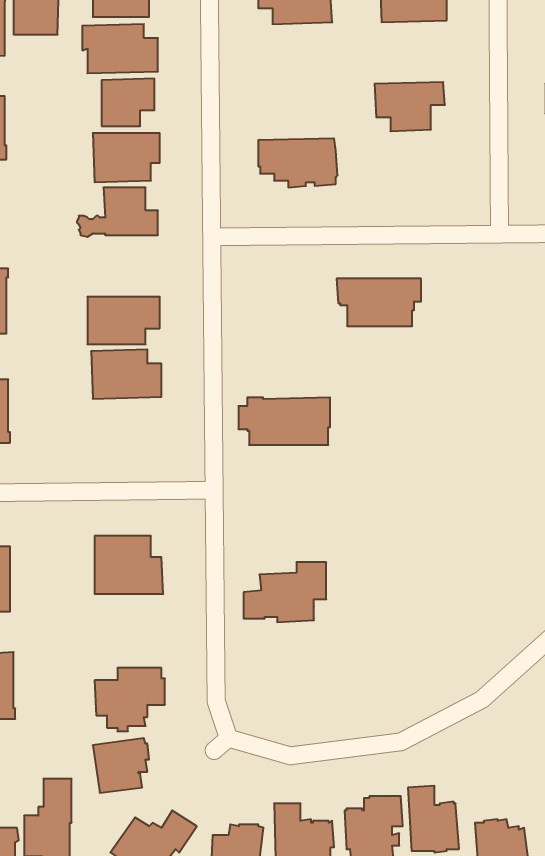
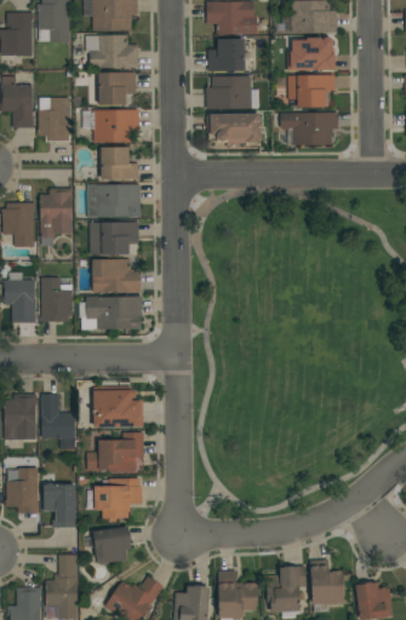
building: none -> [208,38,245,70]
building: none -> [287,38,336,70]
building: none -> [206,75,252,109]
building: none -> [39,97,70,140]
building: none -> [87,183,141,217]
building: none -> [40,188,73,237]
building: [337,279,421,326] -> [280,111,338,144]
building: none -> [40,276,74,321]
building: [238,397,330,445] -> [80,295,143,328]
building: none -> [41,394,75,448]
building: [244,562,326,622] -> [87,431,144,472]
building: none -> [44,483,76,527]

